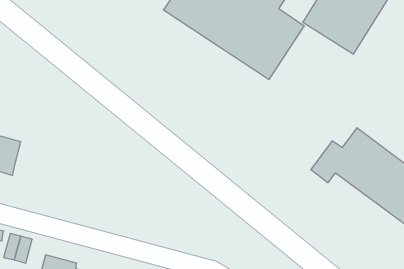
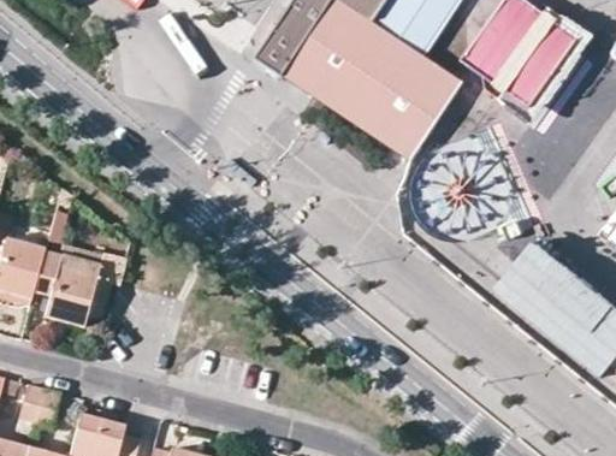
building: none -> [36,244,111,327]

